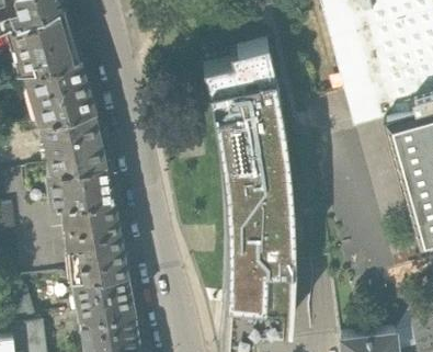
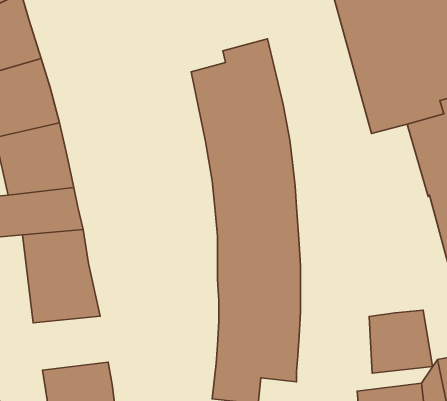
building: none -> [369,310,433,373]
building: [72,271,135,316] -> none

